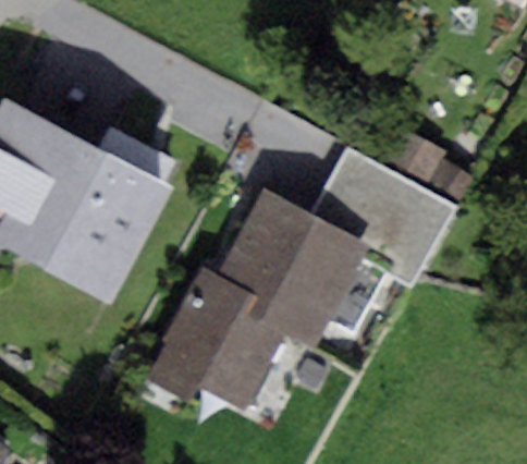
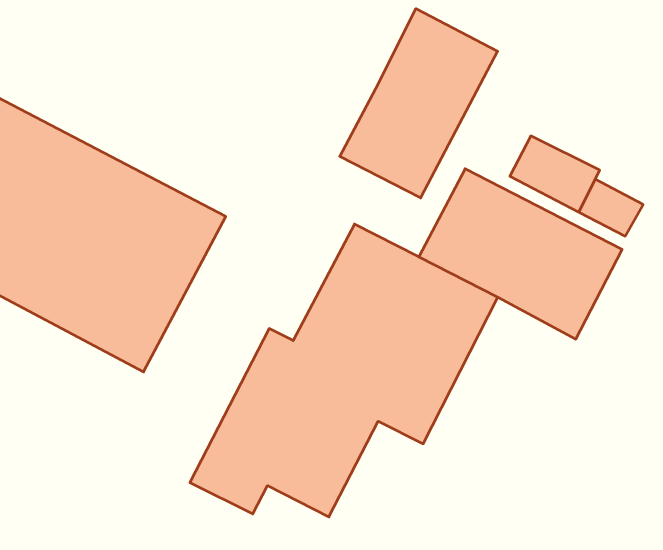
building: none -> [340,9,498,198]

